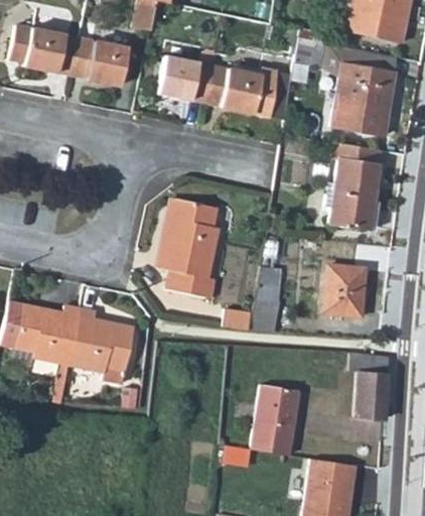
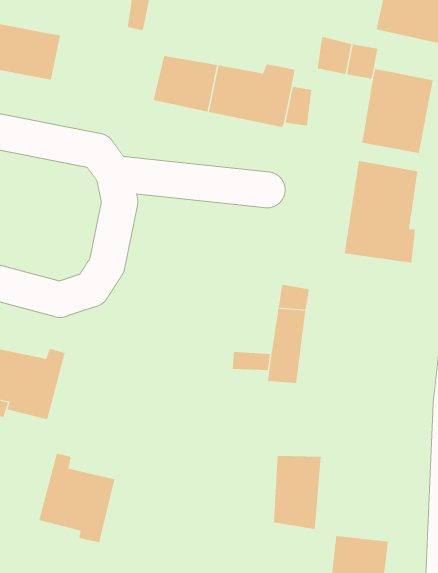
building: [67,35,124,84] -> none
building: [160,200,223,292] -> none
building: [325,257,365,306] -> none
building: [64,306,130,383] -> [39,453,115,543]
building: [344,353,390,422] -> none

